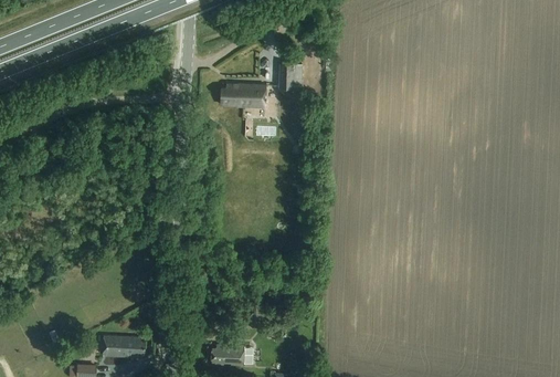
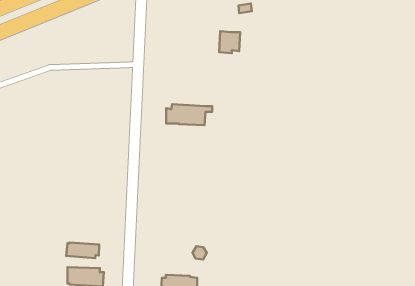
building: [220,83,273,107] -> [166,104,212,125]
building: none -> [66,243,99,258]

